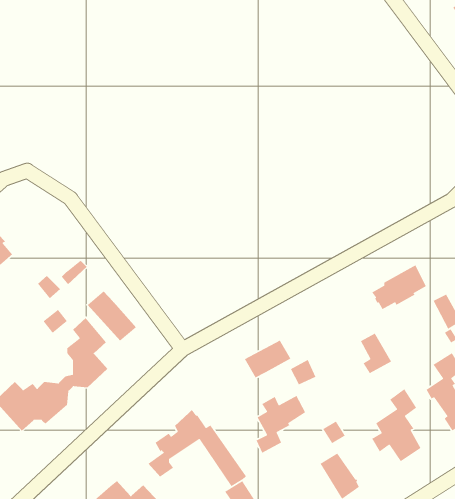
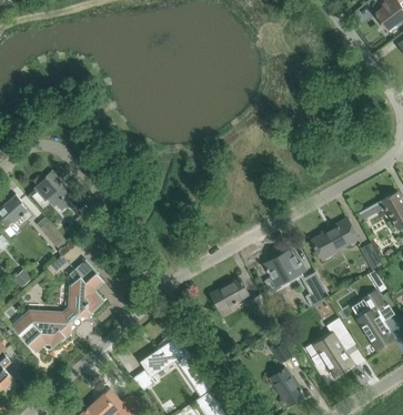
building: none -> [33,171,72,209]
building: [87,290,137,342] -> none
building: none -> [265,250,304,284]
building: [255,395,306,454] -> none

